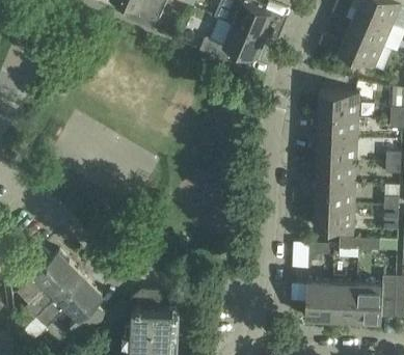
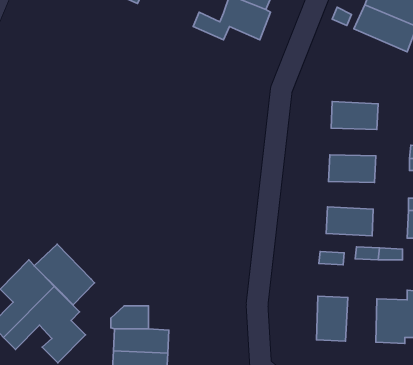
building: [319,91,359,116] -> none
building: [317,137,357,161] -> none
building: [315,183,355,207] -> none
building: none -> [34,244,95,305]
building: [330,282,357,321] -> none

